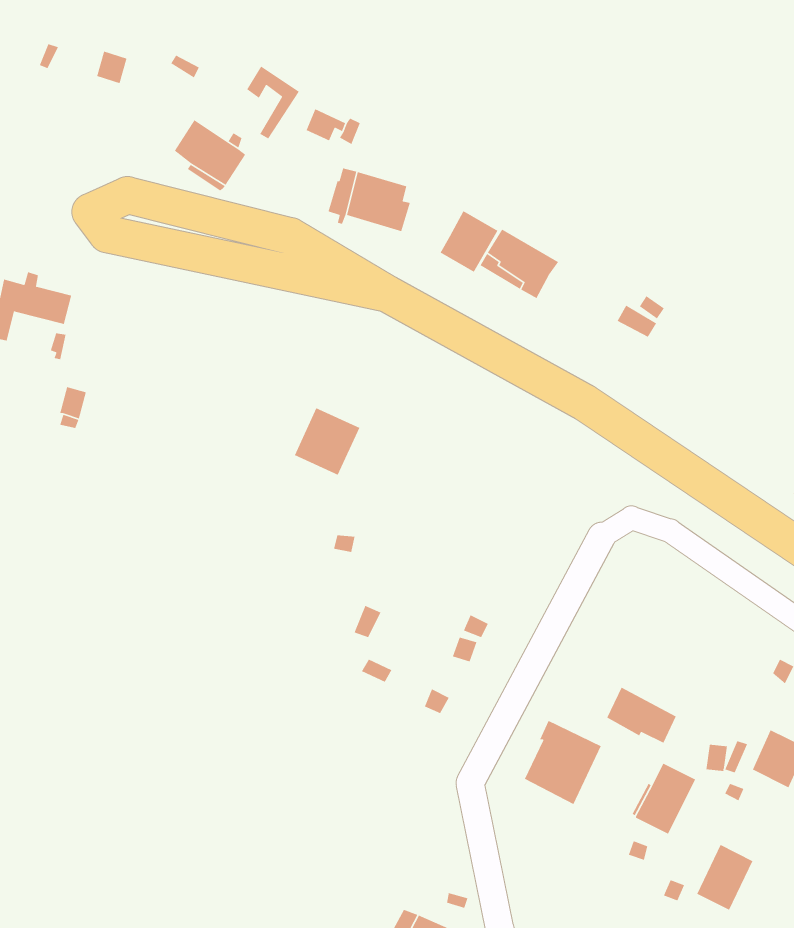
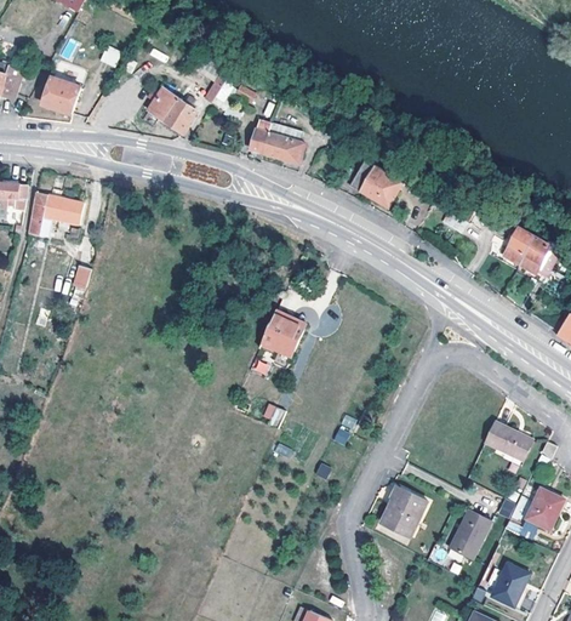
building: none -> [42,78,81,114]
building: [439,210,499,273] -> none
building: none -> [504,229,548,272]
building: [294,407,360,476] -> [261,310,304,355]
building: [606,686,677,744] -> [485,422,531,460]

